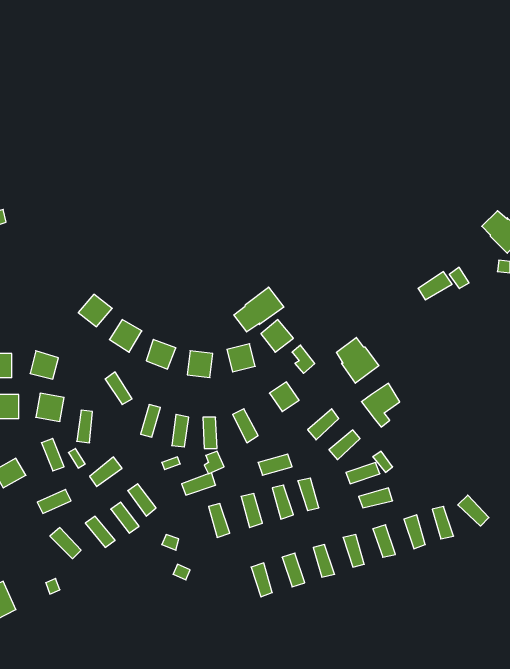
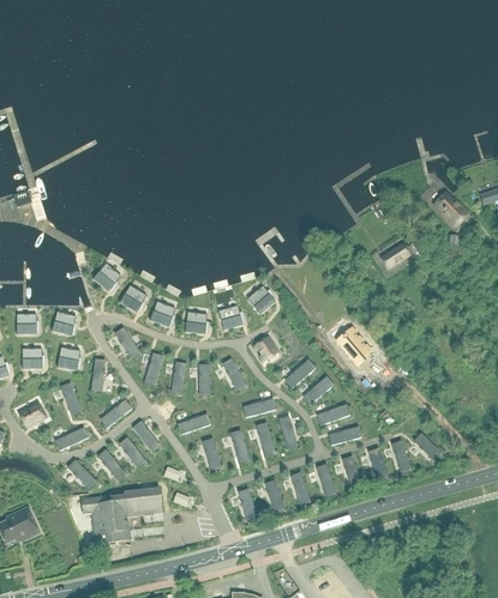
building: [234,287,284,332] -> none
building: [336,337,379,383] -> none
building: none -> [83,487,164,543]

